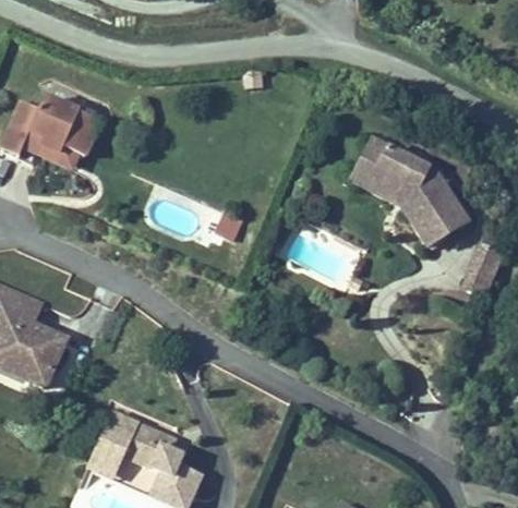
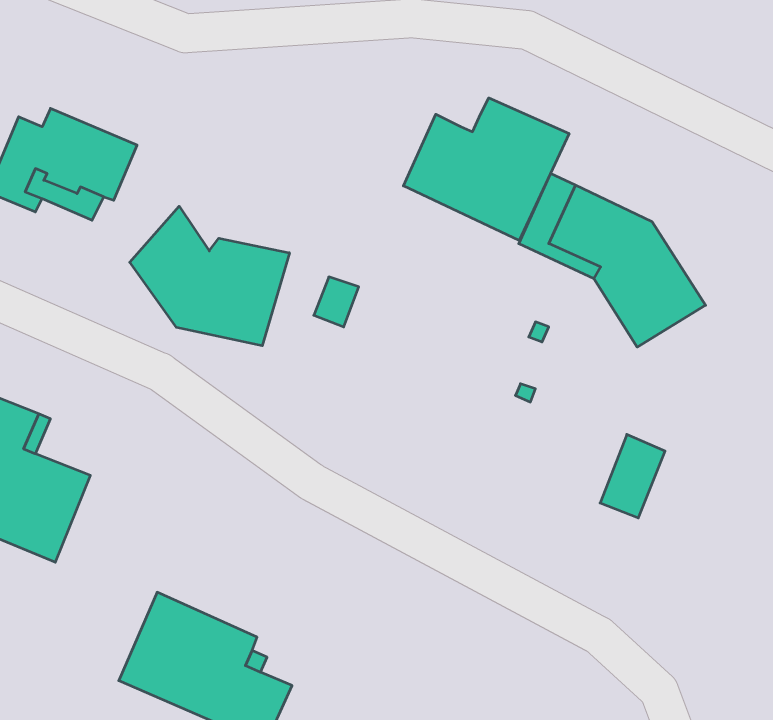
building: none -> [403,98,569,240]
building: none -> [130,206,289,346]
building: [458,240,501,294] -> [600,434,665,518]

